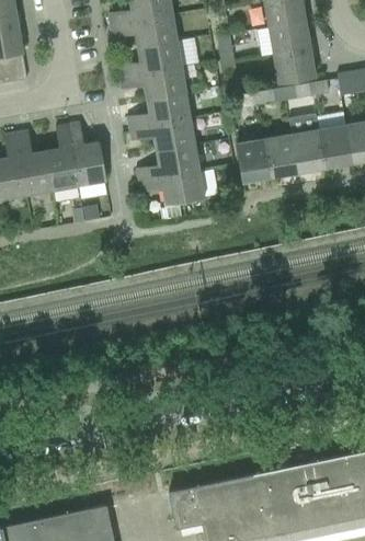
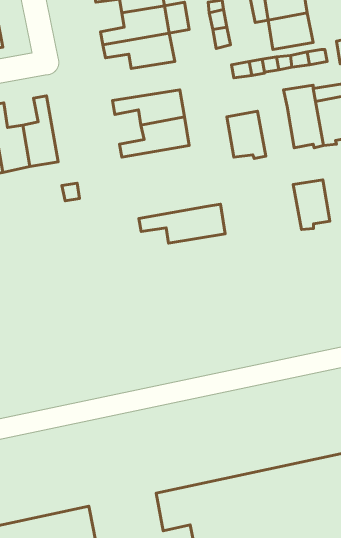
building: [127,92,192,128] -> none
building: [68,122,105,185] -> none
building: [264,134,298,180] -> [293,180,330,230]
building: [138,168,218,204] -> [139,204,225,243]

